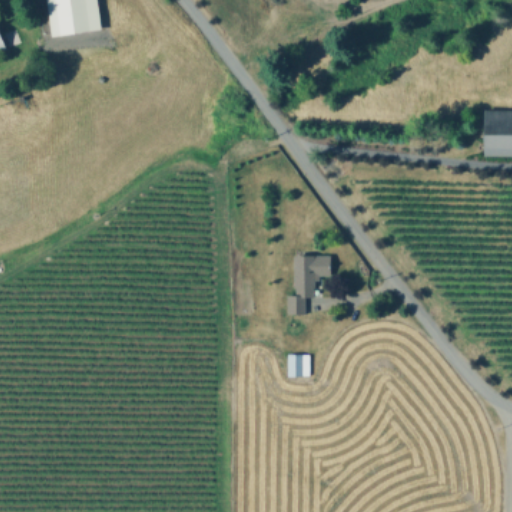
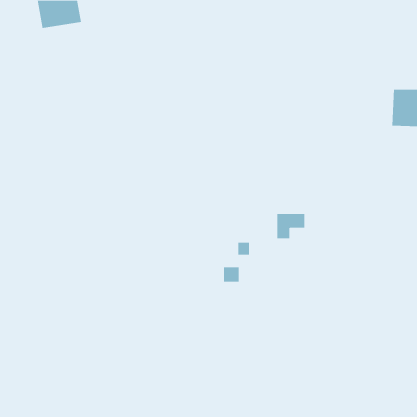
building: [297,256,332,287] -> [276,214,305,239]
building: [291,356,311,375] -> [223,267,240,282]

